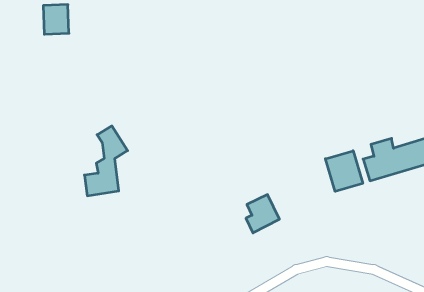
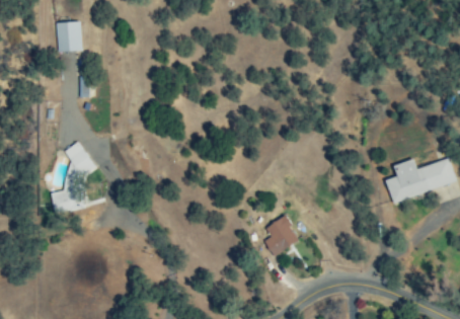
building: [84,126,128,196] -> [50,142,94,214]
building: [325,151,363,191] -> none

